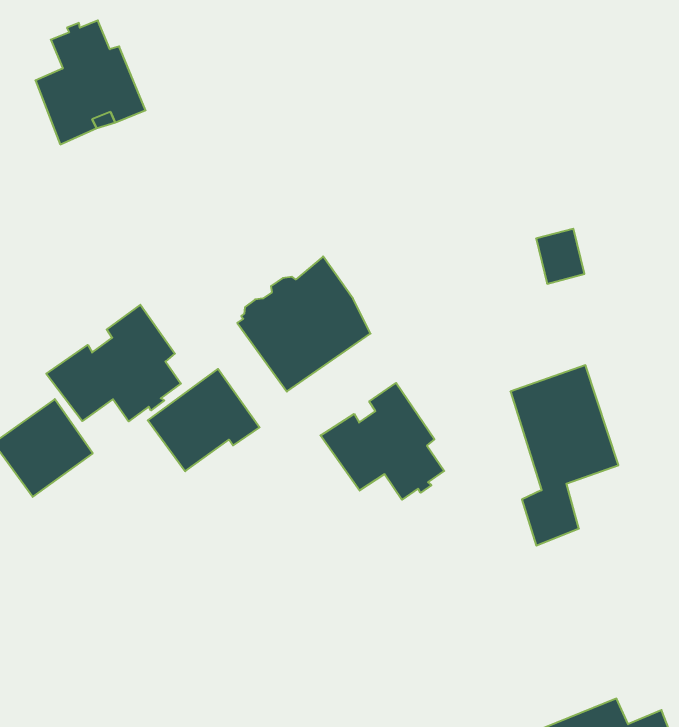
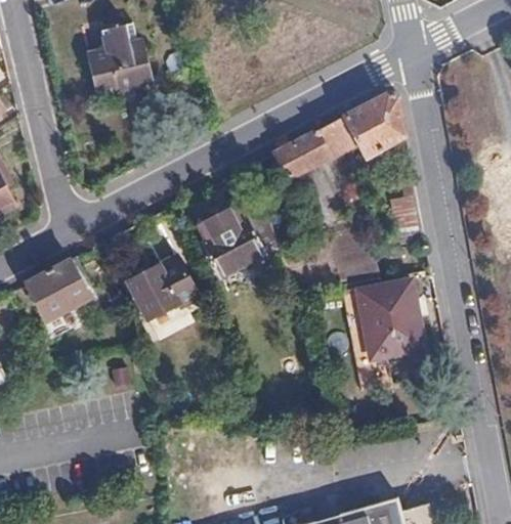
building: none -> [275,95,403,178]
building: [46,305,181,421] -> none
building: [320,383,444,500] -> none

